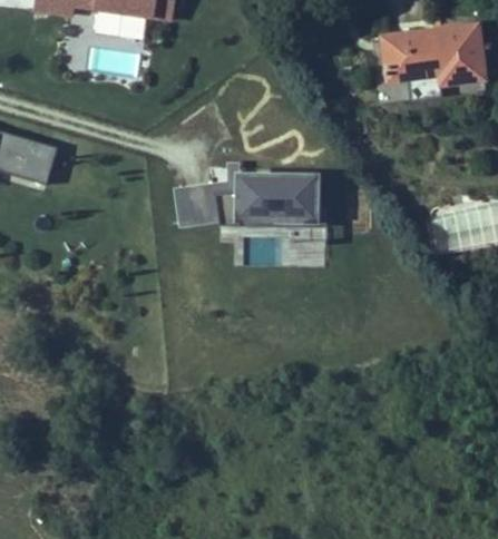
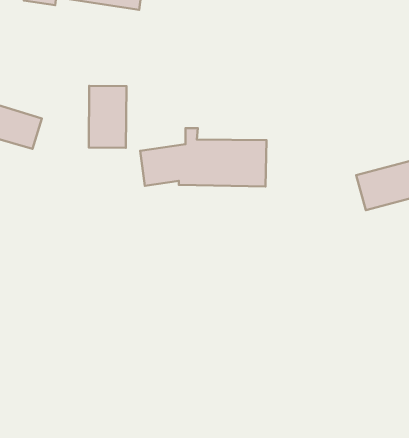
building: [379,21,485,86] -> none
building: none -> [89,86,126,148]

